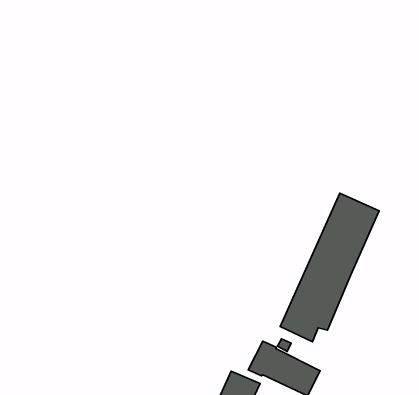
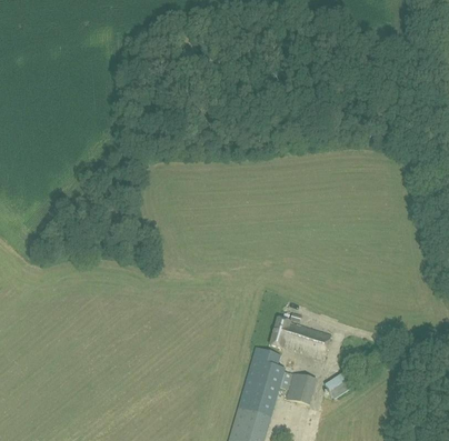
building: [280,193,379,342] -> none

